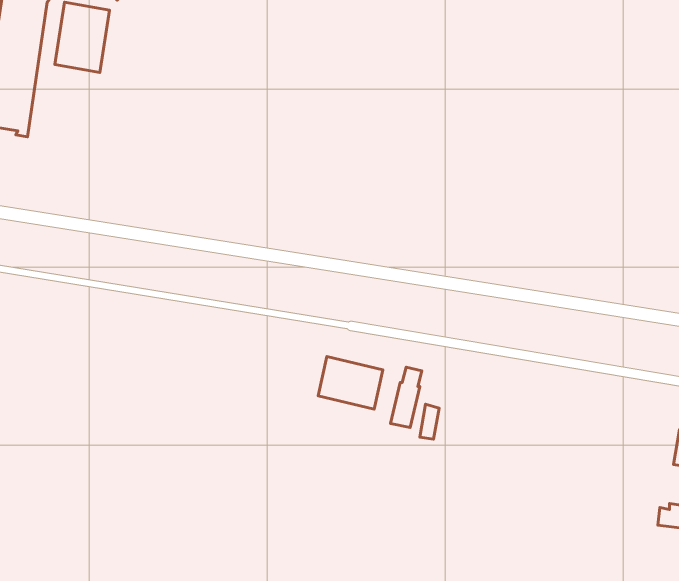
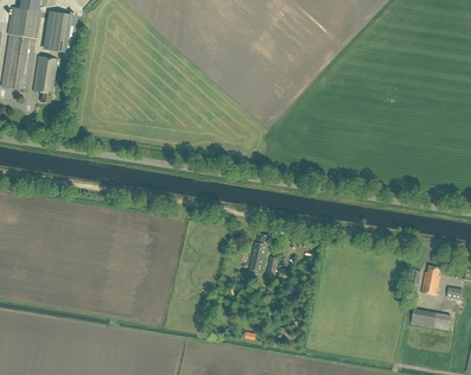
building: none -> [31,55,55,100]
building: [318,356,383,409] -> none

